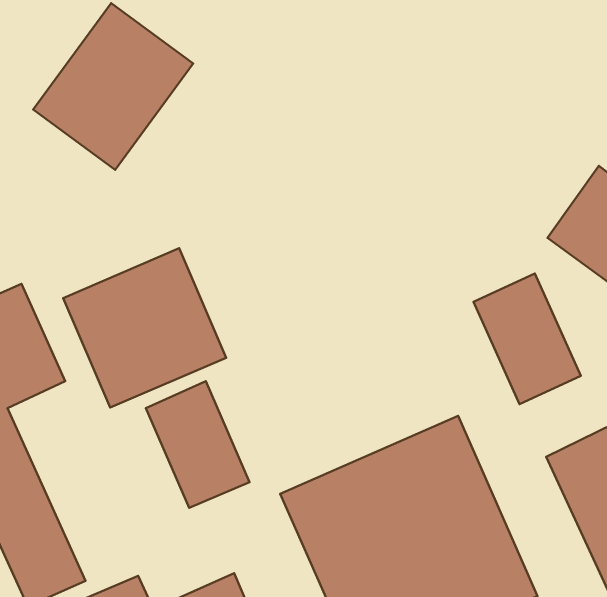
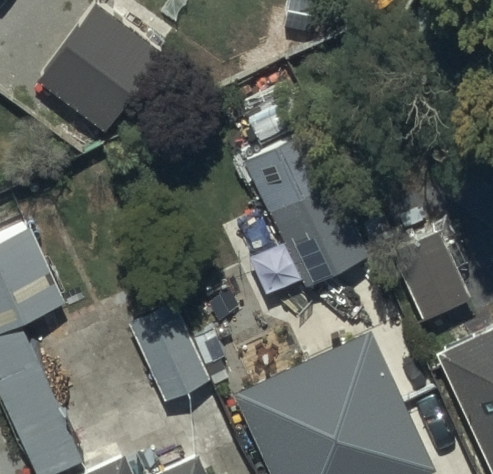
building: none -> [250,136,376,296]
building: [63,248,226,408] -> none

